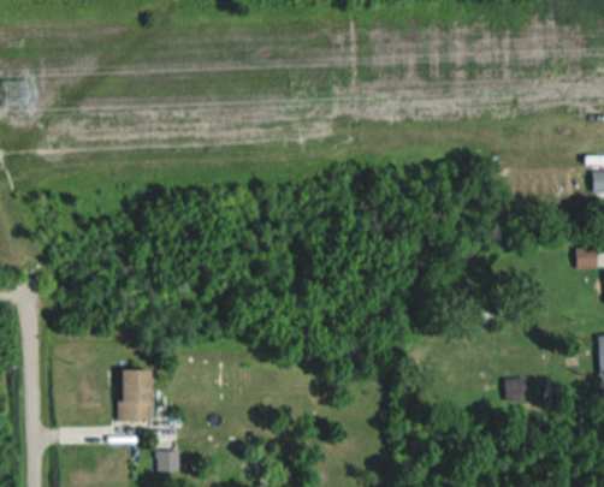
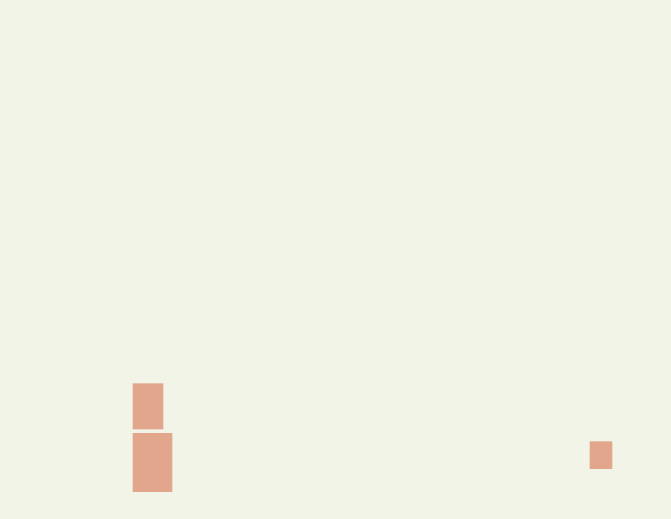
building: none -> [132,382,164,430]

